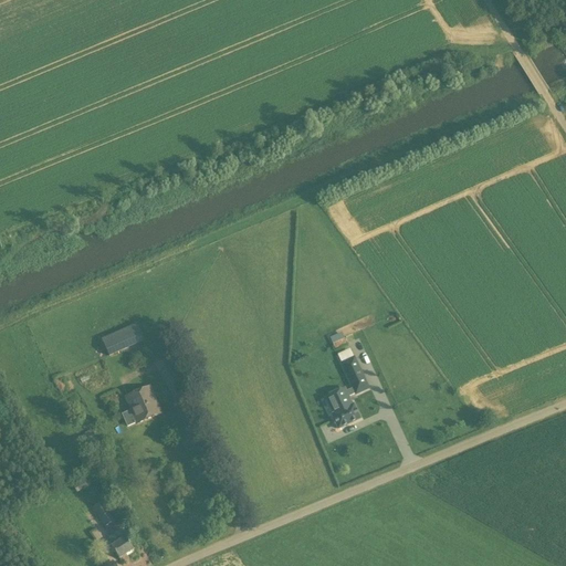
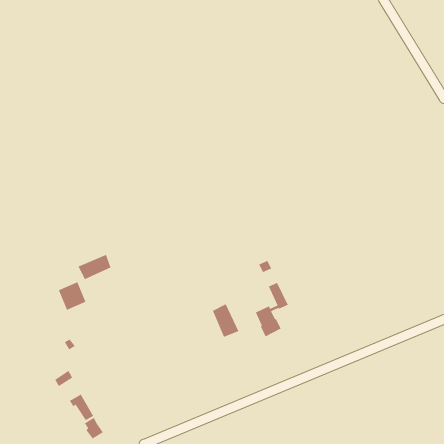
building: none -> [212,303,239,338]
building: [123,385,159,422] -> [58,281,87,311]

